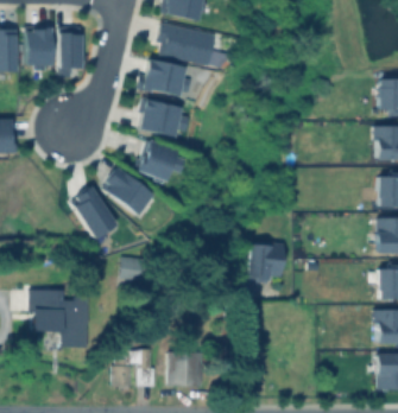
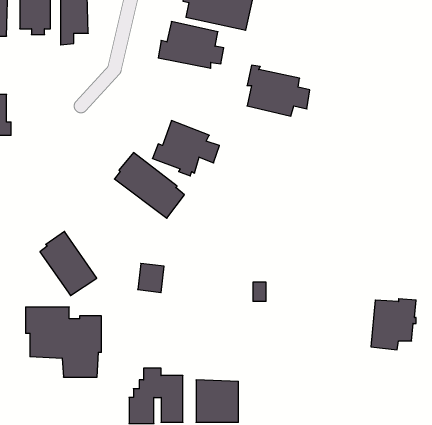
building: [139,97,190,139] -> [247,65,310,116]
building: [70,188,116,240] -> [40,231,97,296]
building: [247,242,284,284] -> [371,299,416,350]

